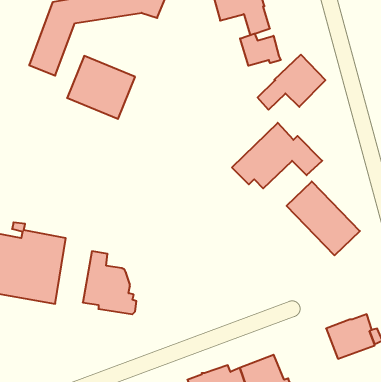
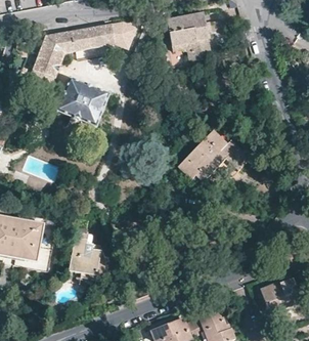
building: [240,34,281,66] -> none
building: [258,55,325,110] -> none
building: [287,181,360,255] -> none

